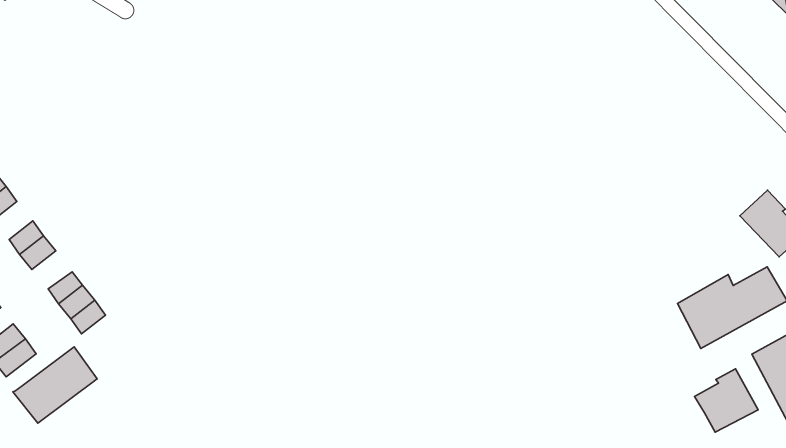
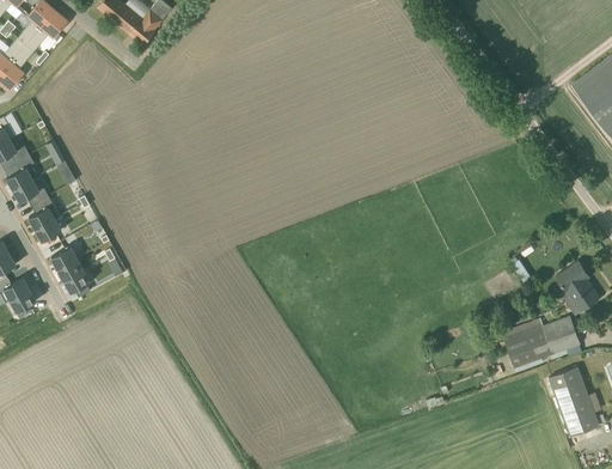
building: [13,347,97,423] -> none
building: [695,369,758,432] -> none

